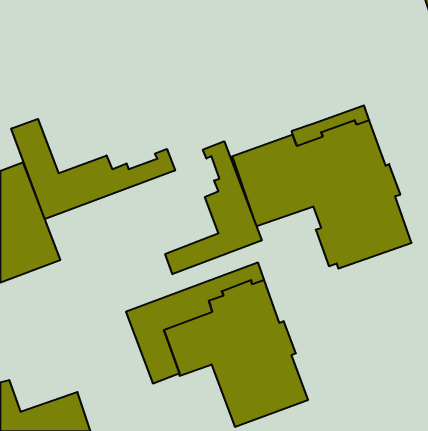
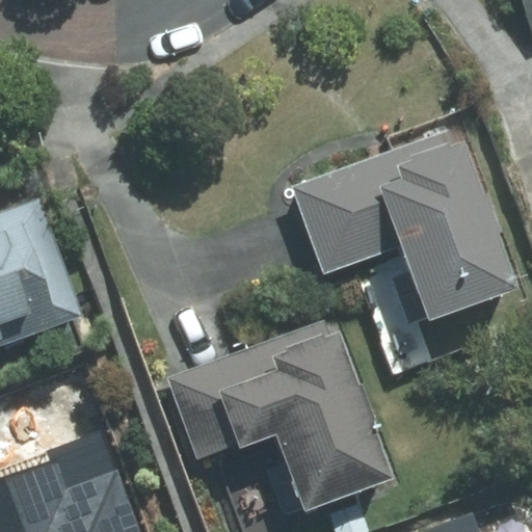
building: [11,119,175,219] -> none
building: [165,141,262,274] -> none

